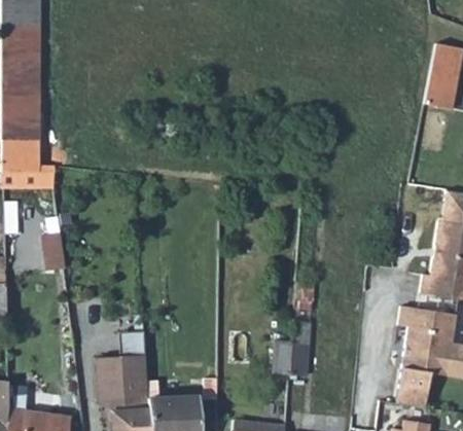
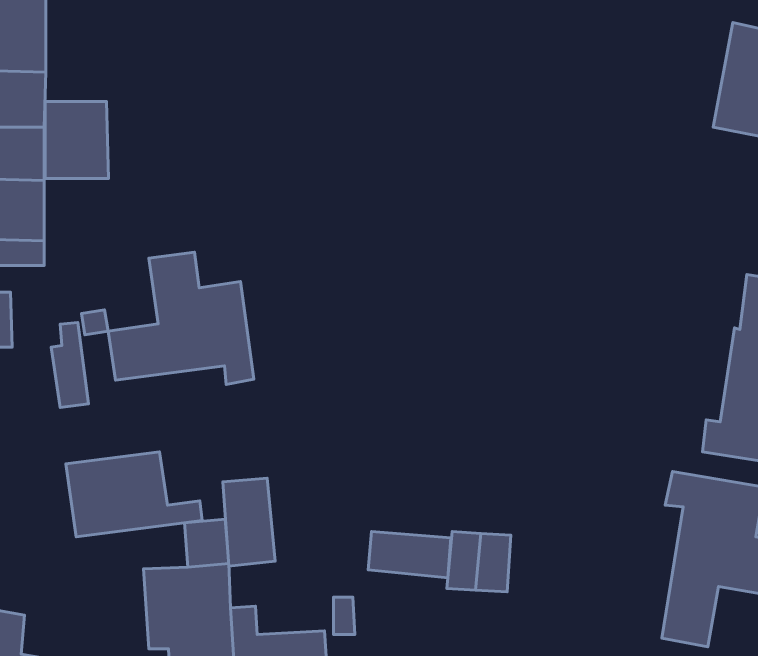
building: none -> [45,102,109,178]
building: none -> [108,252,254,385]
building: none -> [66,452,202,537]
building: none -> [223,478,275,566]
building: none -> [368,532,451,578]

